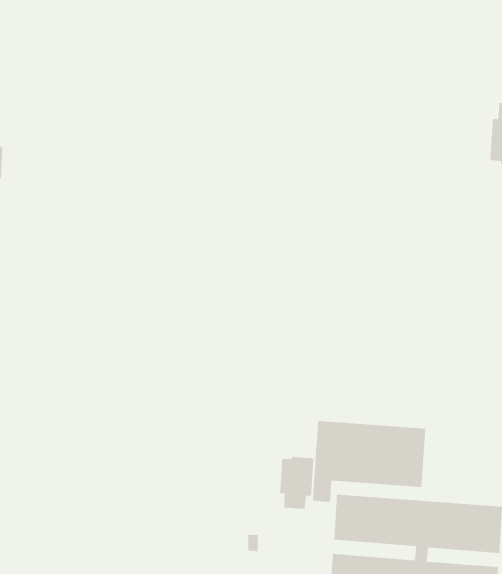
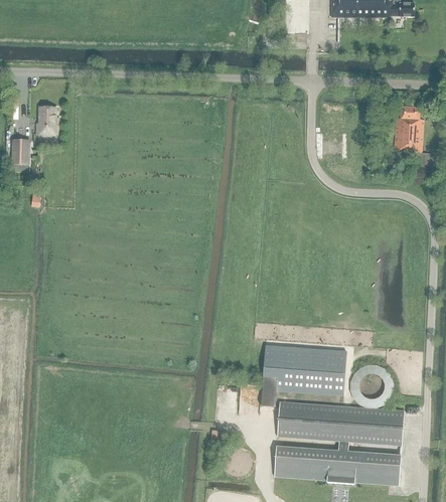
building: none -> [36,107,58,134]
building: [280,456,314,510] -> none

